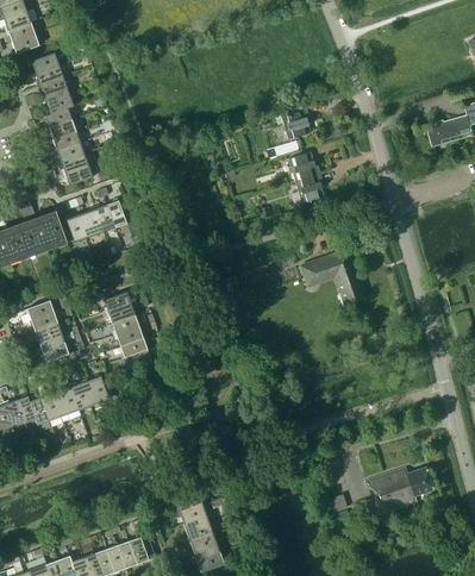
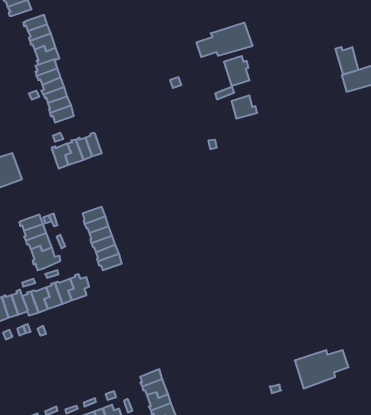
building: none -> [197,23,252,57]
building: none -> [335,47,358,75]
building: [294,174,324,204] -> none
building: [17,201,68,256] -> none
building: [300,249,368,306] -> none

